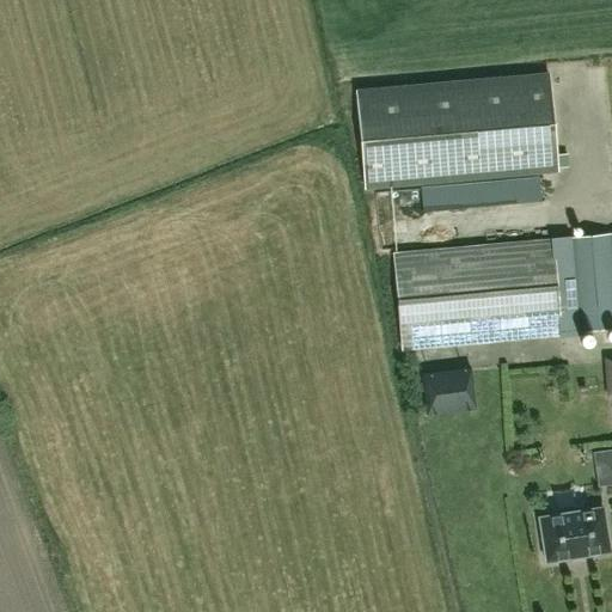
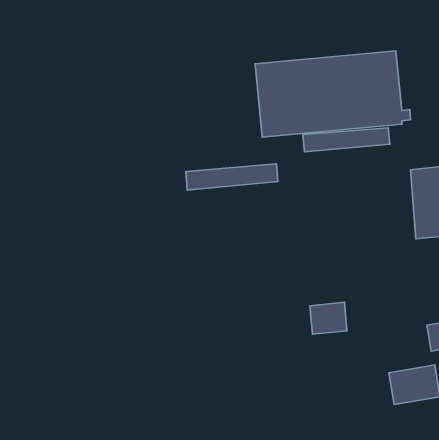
building: none -> [186,164,278,190]
building: [394,239,561,348] -> none
building: [422,369,473,414] -> [310,302,347,334]

